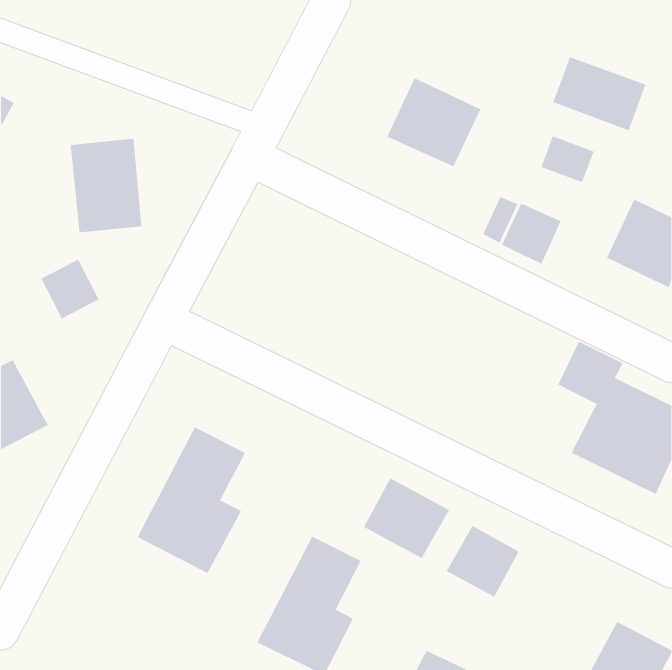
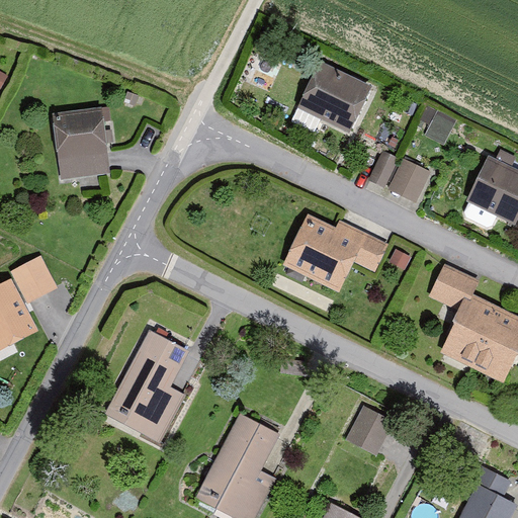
building: [553,56,646,131] -> none
building: [40,259,100,319] -> [13,262,59,309]
building: none -> [281,212,388,291]
building: [363,477,450,559] -> none

